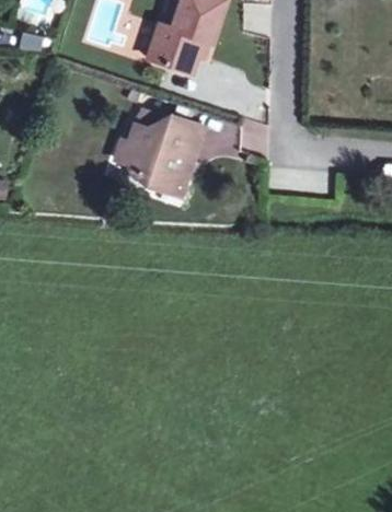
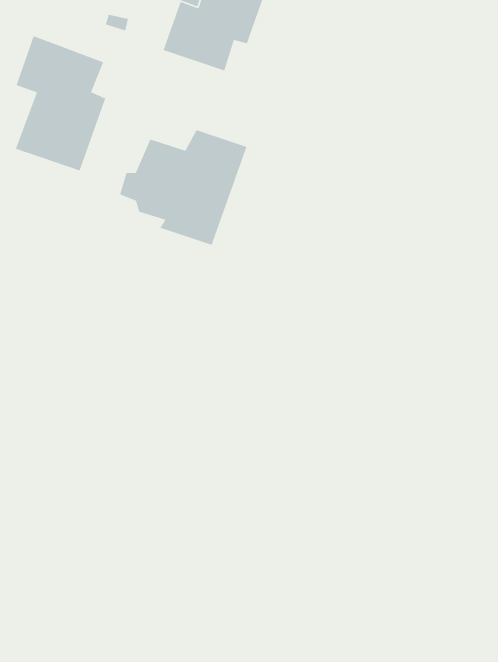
building: none -> [15,35,106,171]

